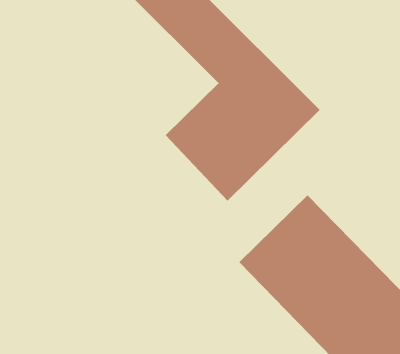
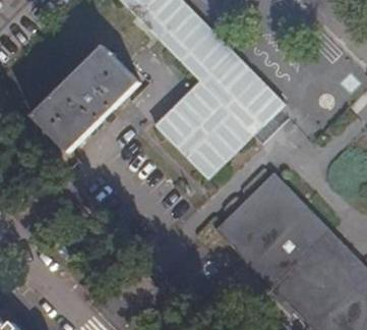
building: none -> [30,43,139,152]

